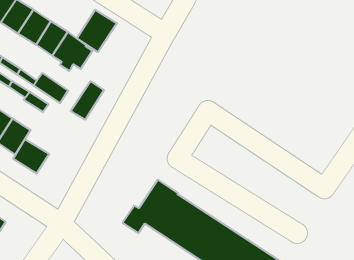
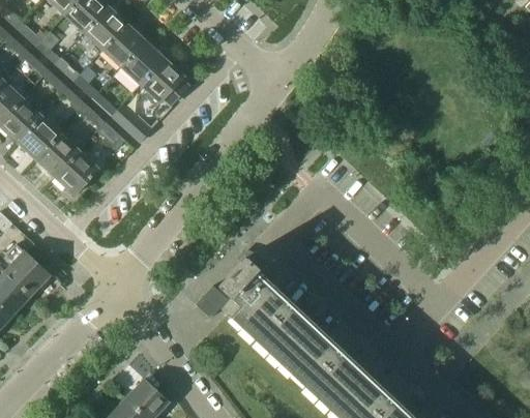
building: [77,10,117,52] -> none
building: [71,81,104,120] -> none
building: [13,139,49,174] -> none

